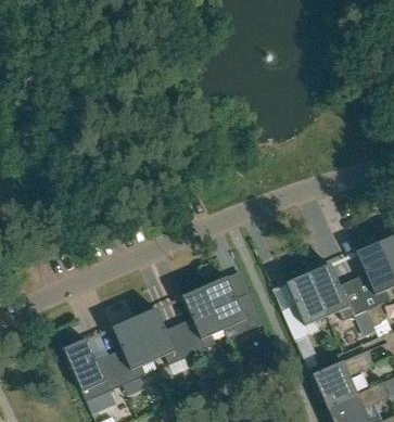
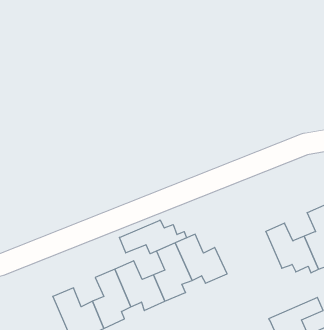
building: none -> [119,220,186,254]
building: [281,272,327,340] -> none

